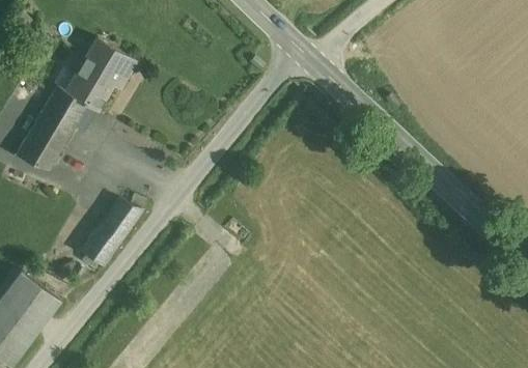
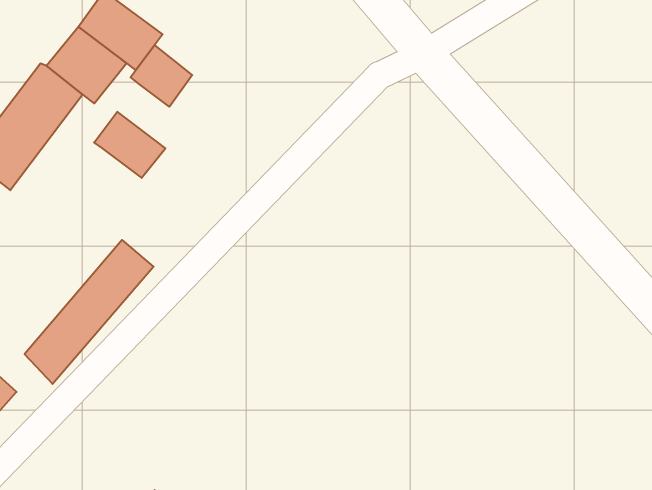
building: none -> [131,45,192,107]
building: none -> [94,112,165,178]

